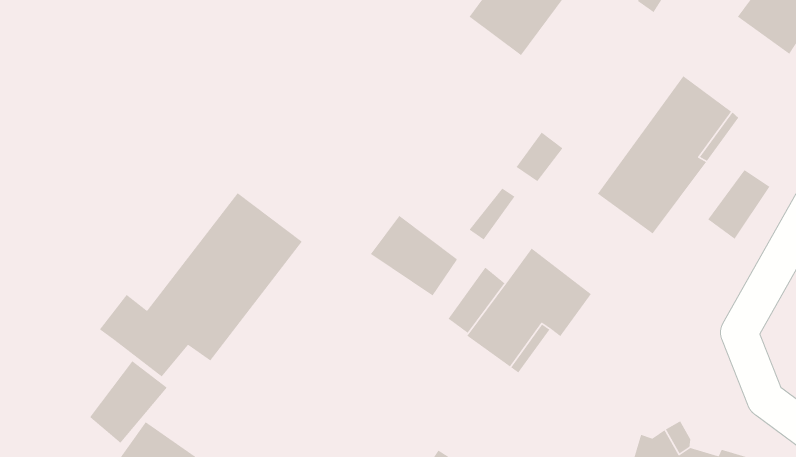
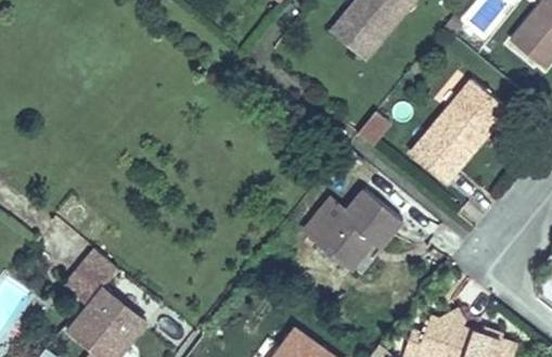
building: [707,170,771,240] -> none
building: [99,192,303,377] -> none
building: [370,215,457,297] -> none

